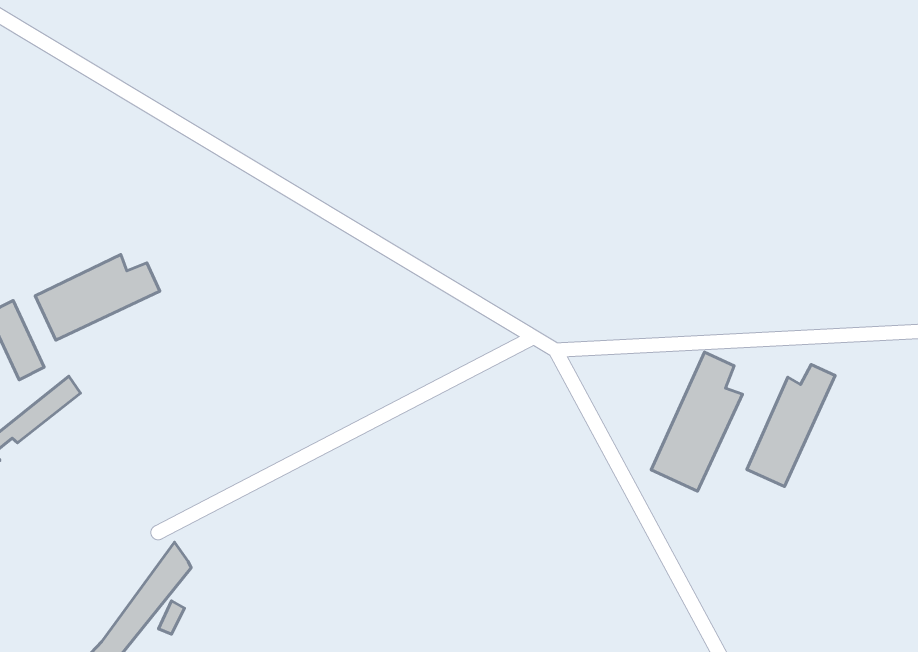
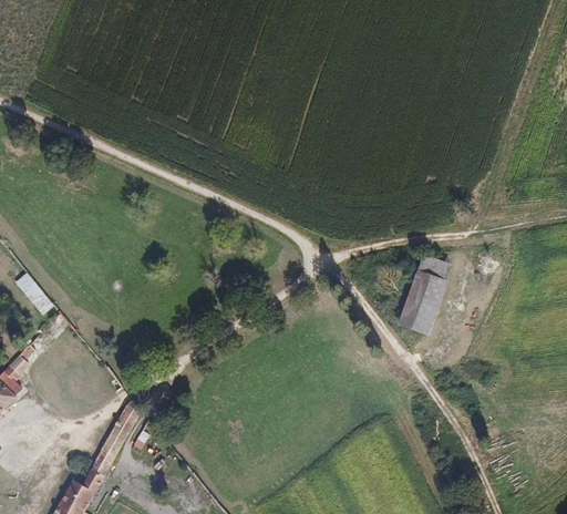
building: [35,255,160,340] -> none
building: [747,364,835,487] -> none

